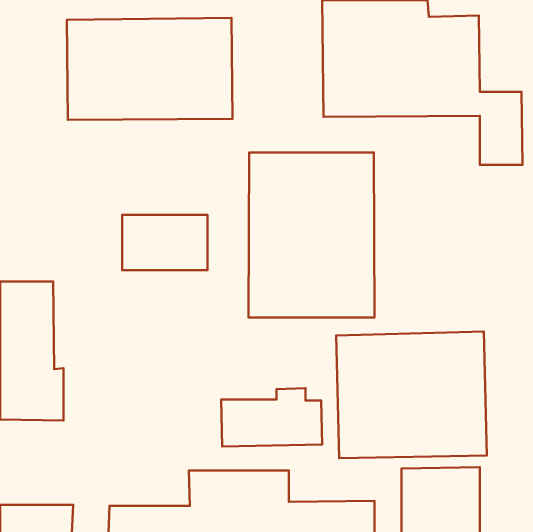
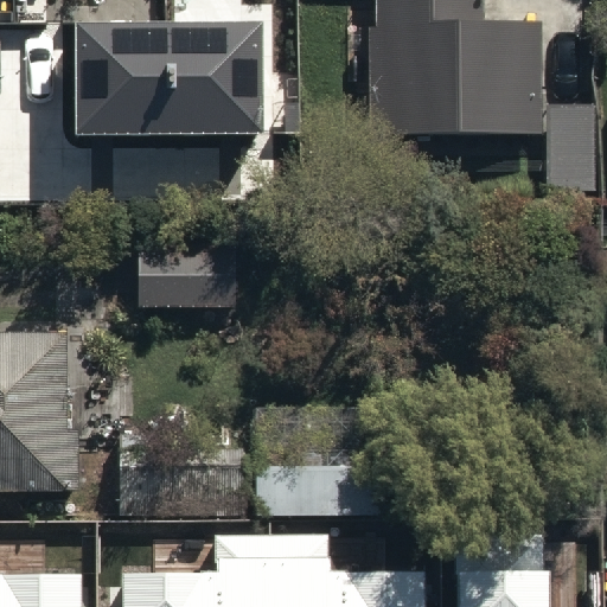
building: [249,153,375,318] -> none
building: [336,331,487,458] -> none

